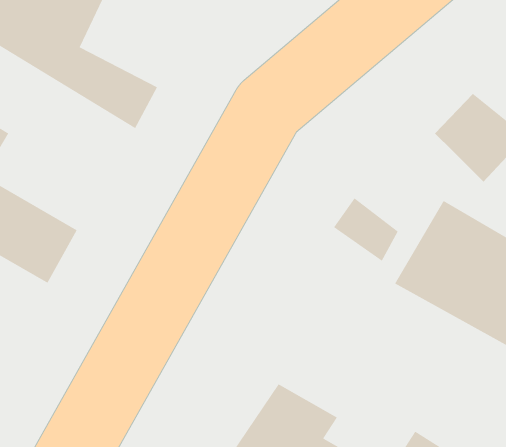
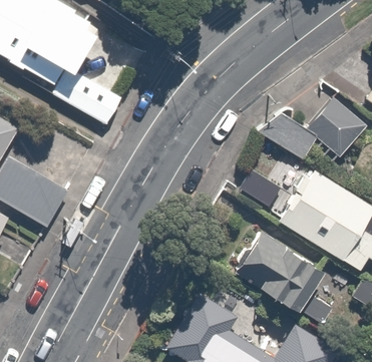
building: none -> [258,114,320,162]
building: none -> [229,235,337,326]

